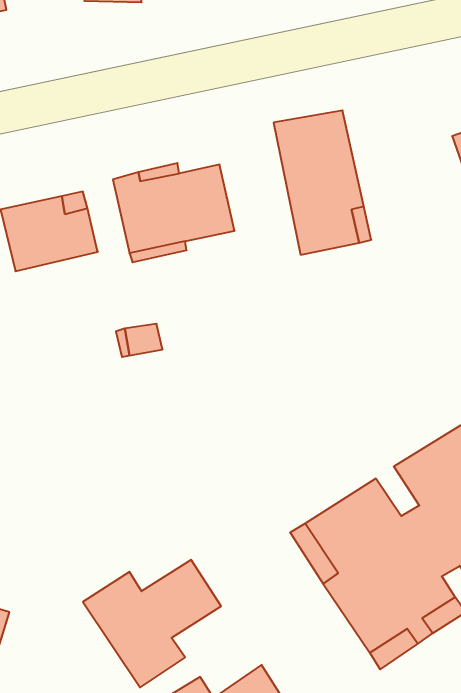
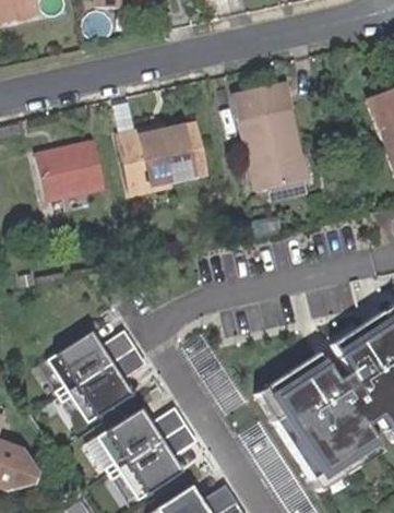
building: none -> [49,333,150,426]

